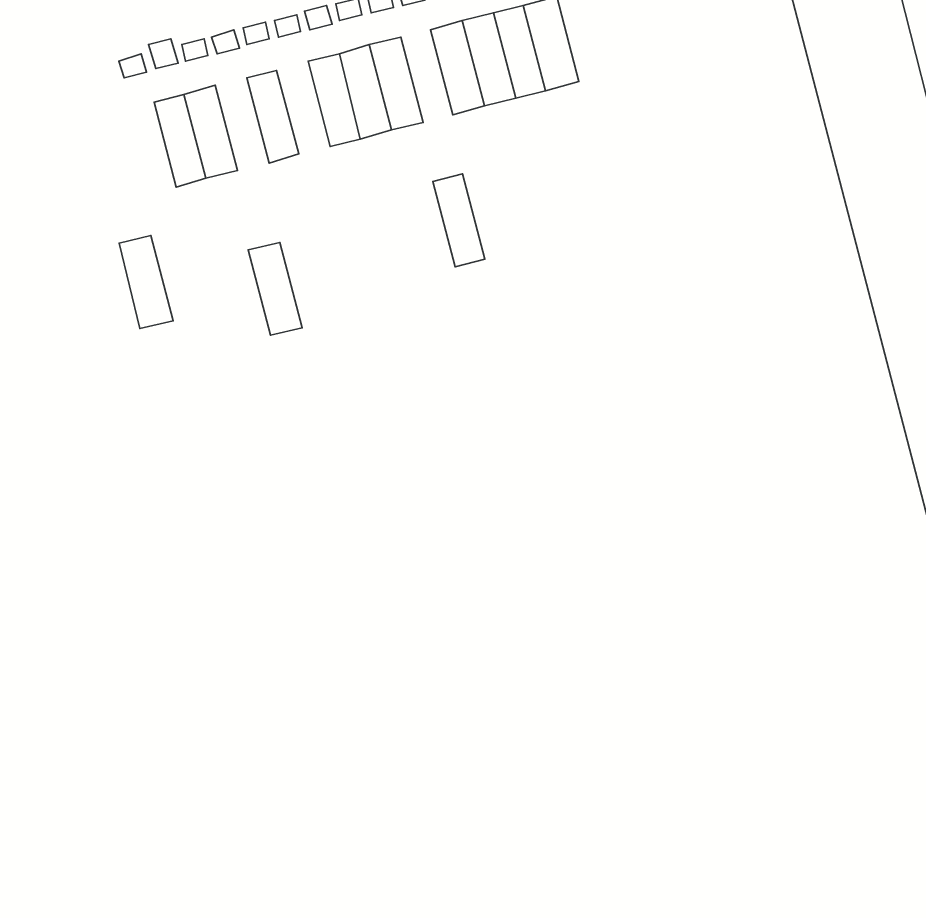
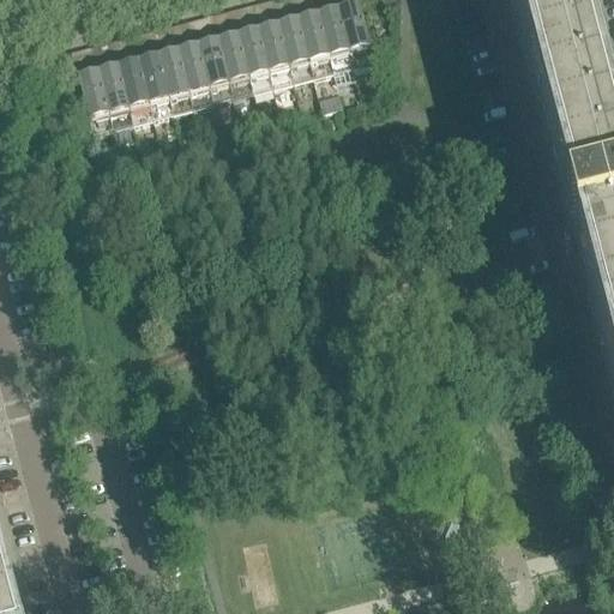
building: none -> [193,40,228,100]
building: [433,174,485,267] -> [273,19,307,79]
building: [119,236,173,328] -> [94,66,128,126]
building: [248,243,302,335] -> [154,50,188,110]

